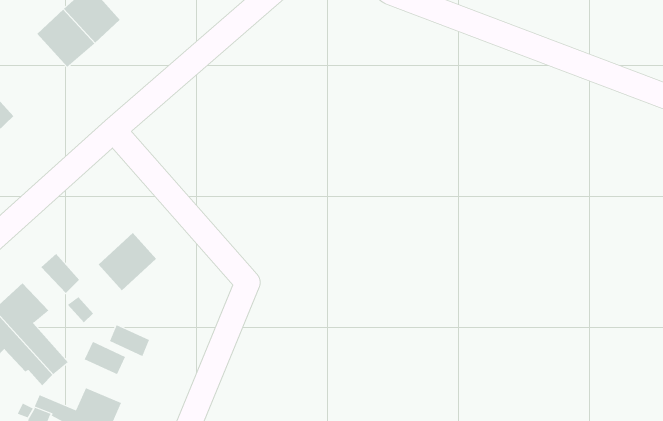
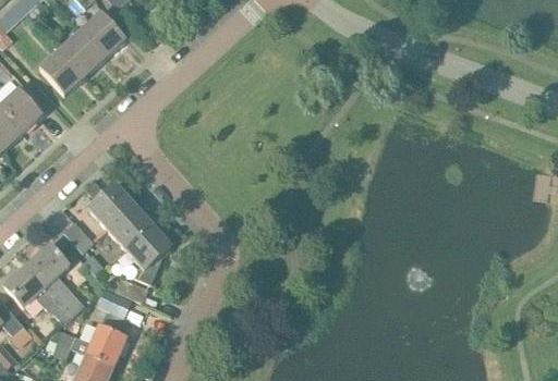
building: none -> [39,49,84,94]
building: none -> [88,183,135,229]
building: none -> [126,224,171,283]

